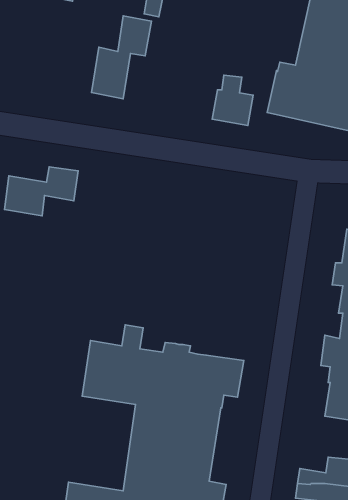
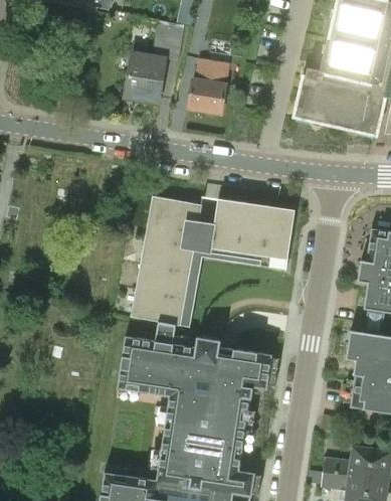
building: [212,75,253,126] -> [188,65,227,114]
building: [4,167,78,216] -> none
building: none -> [134,196,295,325]

